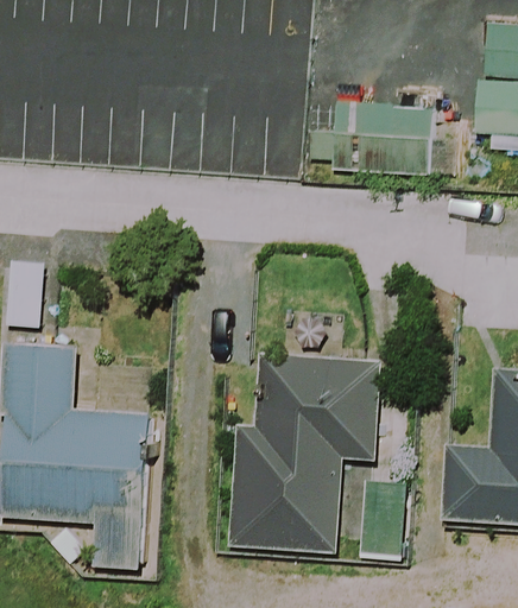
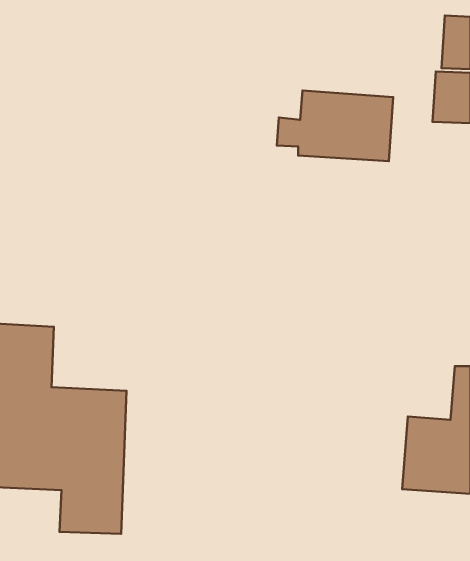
building: [226,355,379,552] -> none

